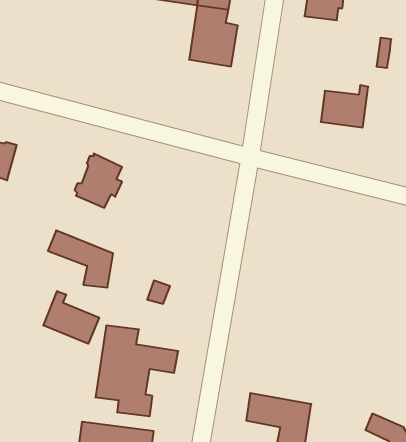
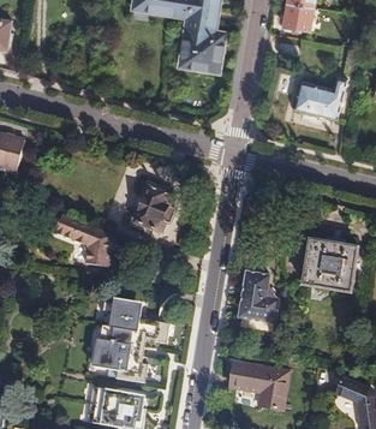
building: [75,154,122,208] -> [132,184,174,232]
building: none -> [300,231,356,293]
building: none -> [238,269,276,321]
building: [43,291,99,344] -> none

